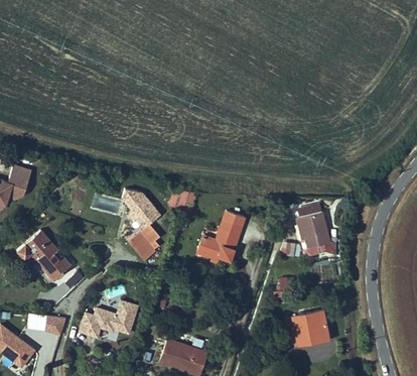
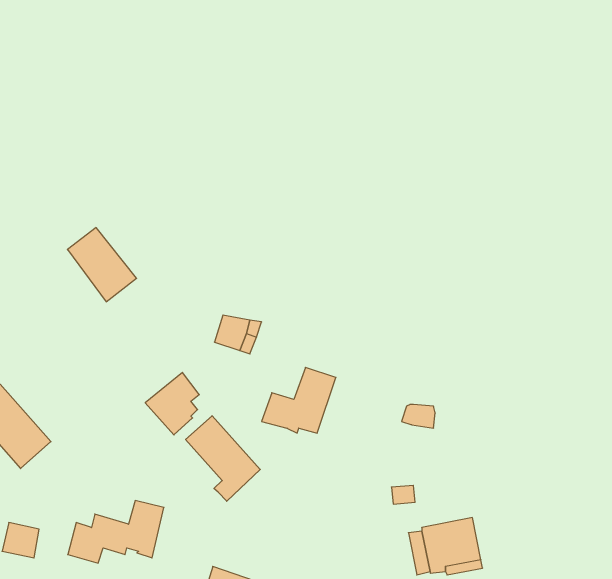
building: [117,183,158,228] -> [67,228,137,302]
building: [297,205,329,255] -> none
building: none -> [186,416,260,501]

